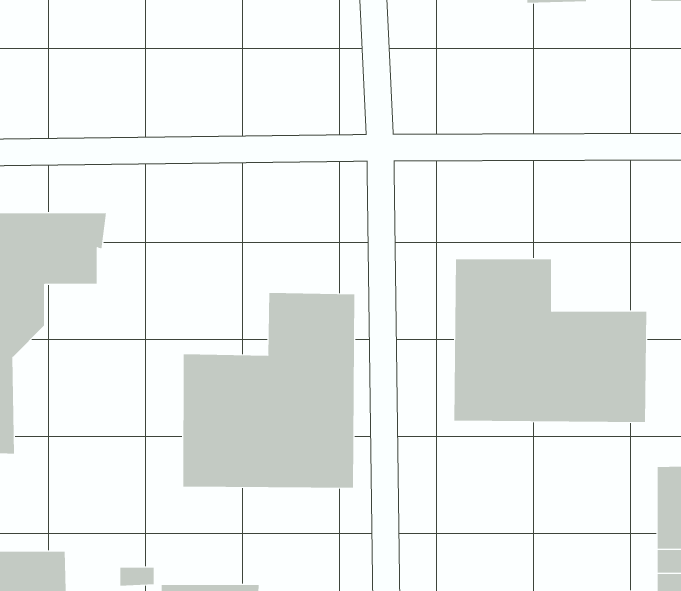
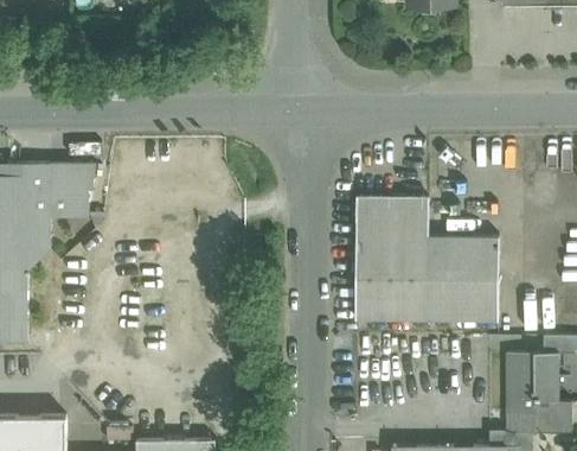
building: [183,292,355,488] -> none

